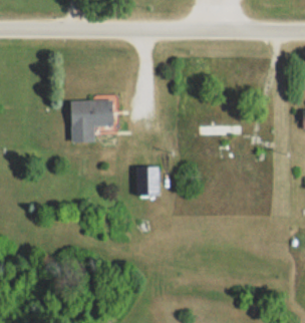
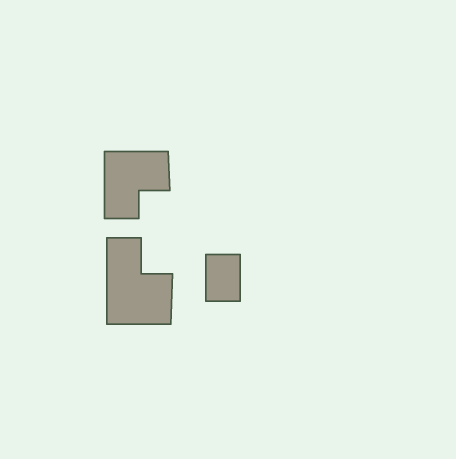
building: none -> [107,238,173,324]

